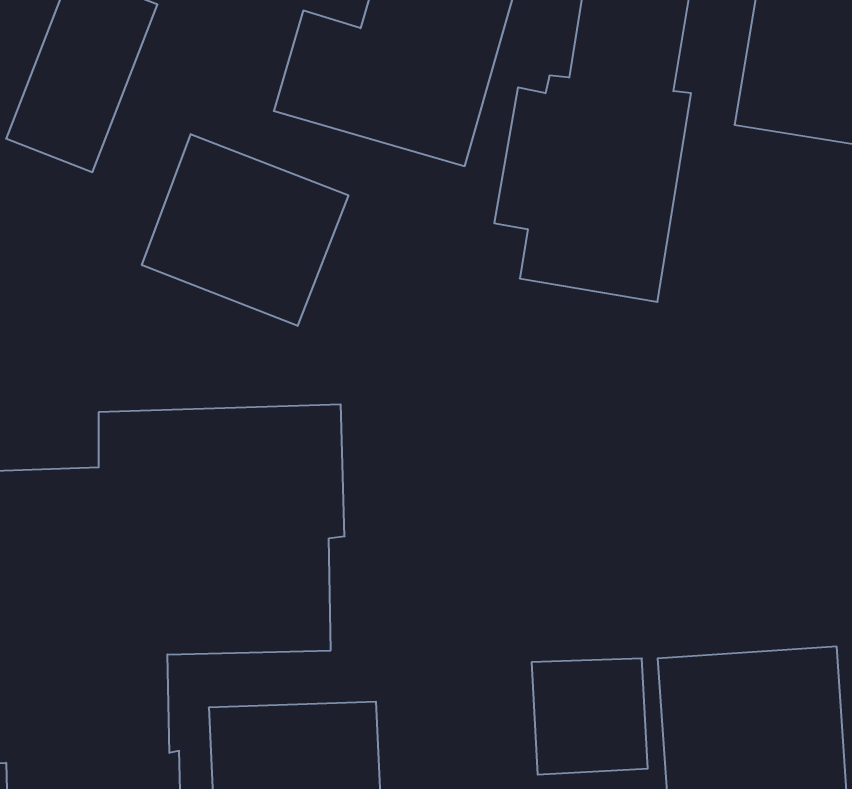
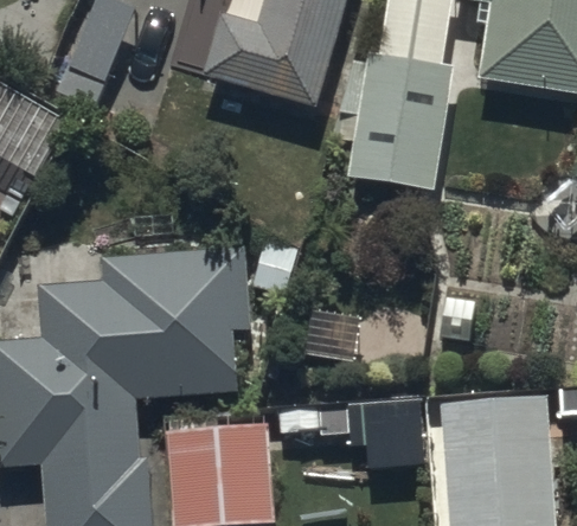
building: [142,134,348,326] -> none

